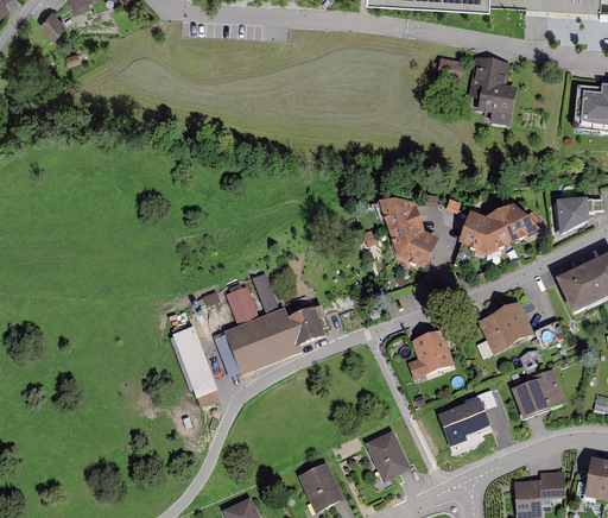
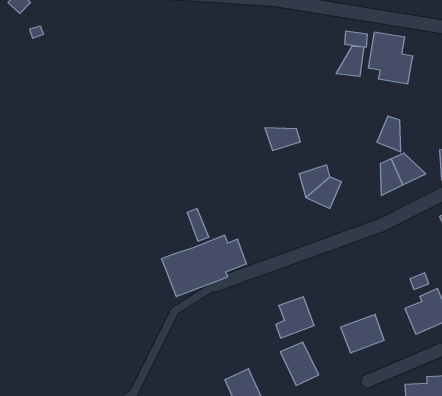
building: none -> [336,46,364,76]
building: [378,202,420,229] -> [265,128,300,151]
building: [457,213,486,255] -> [377,116,401,152]
building: [226,286,259,326] -> none
building: [477,302,534,354] -> none
building: [172,327,217,398] -> none
building: [411,333,457,383] -> [276,297,314,338]

